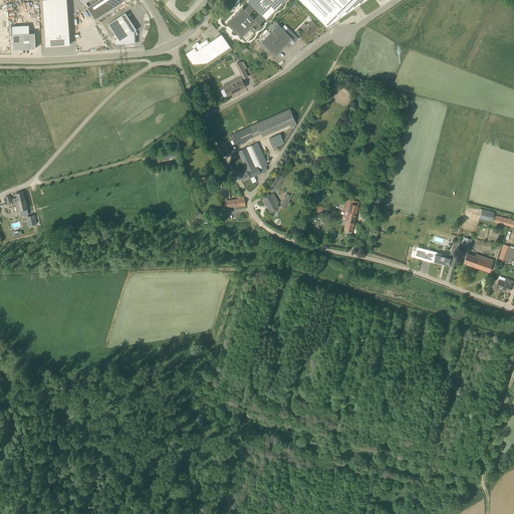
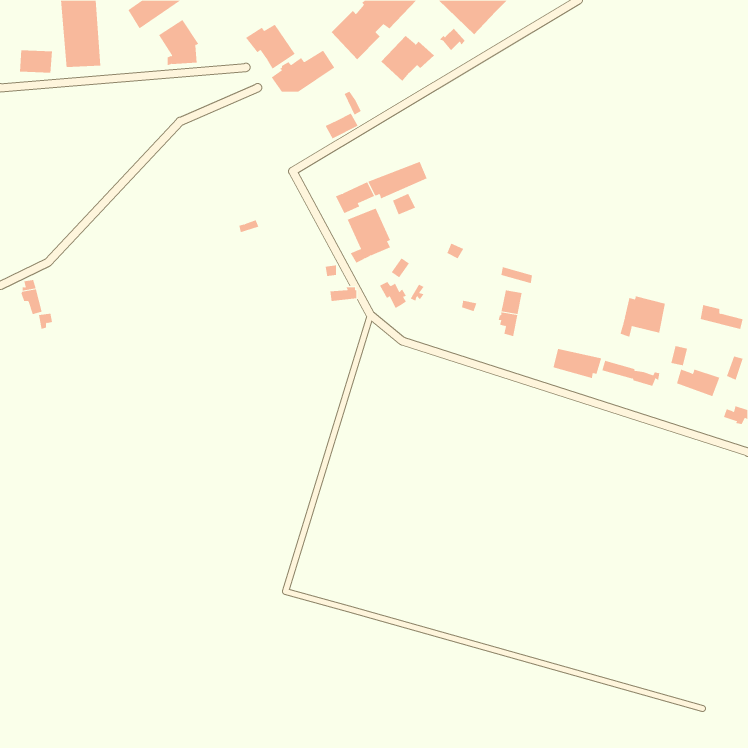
building: none -> [245,24,295,69]
building: none -> [620,296,666,338]
building: none -> [553,348,602,379]

